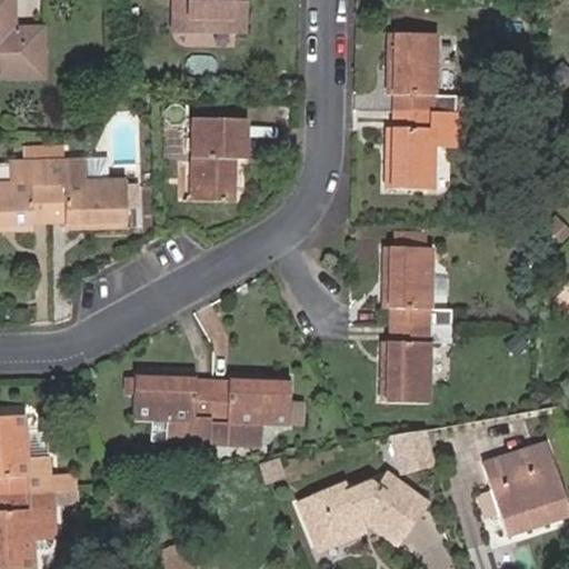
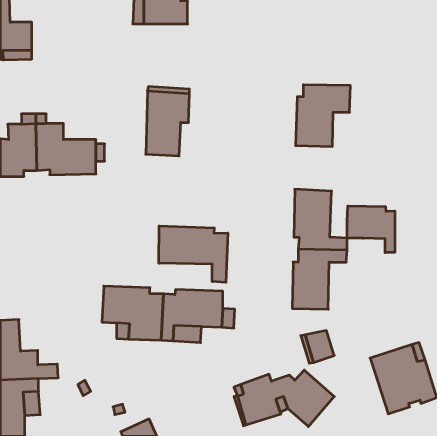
building: [387,33,457,111] -> none
building: none -> [347,206,395,253]
building: none -> [159,226,228,282]

